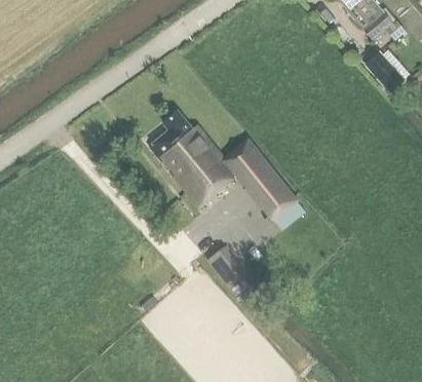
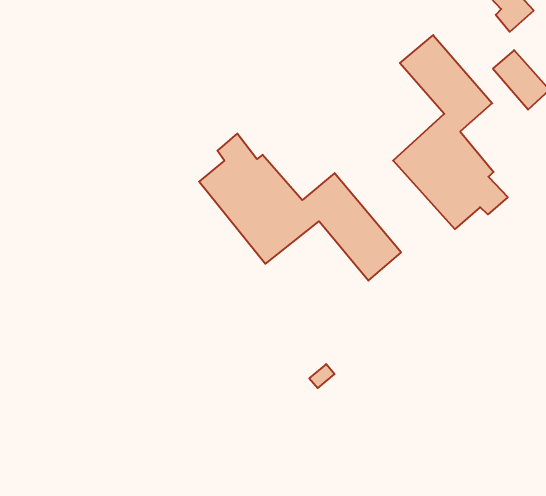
building: none -> [393,35,508,229]

